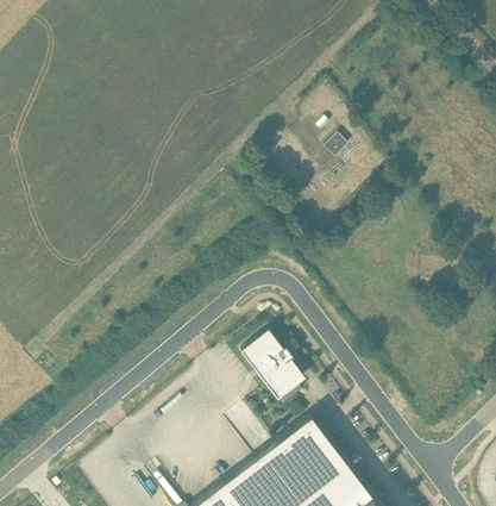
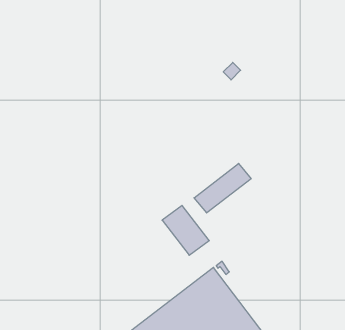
building: none -> [194,163,251,213]

